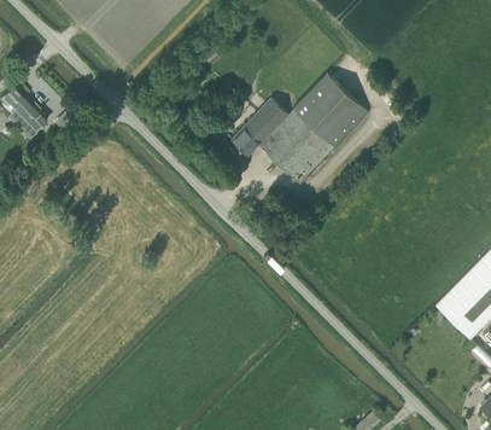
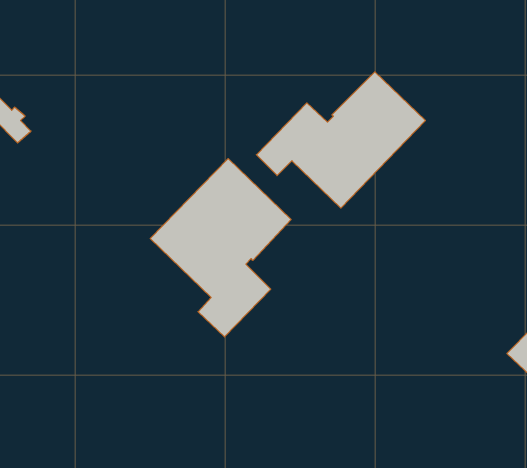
building: none -> [150,159,291,337]

